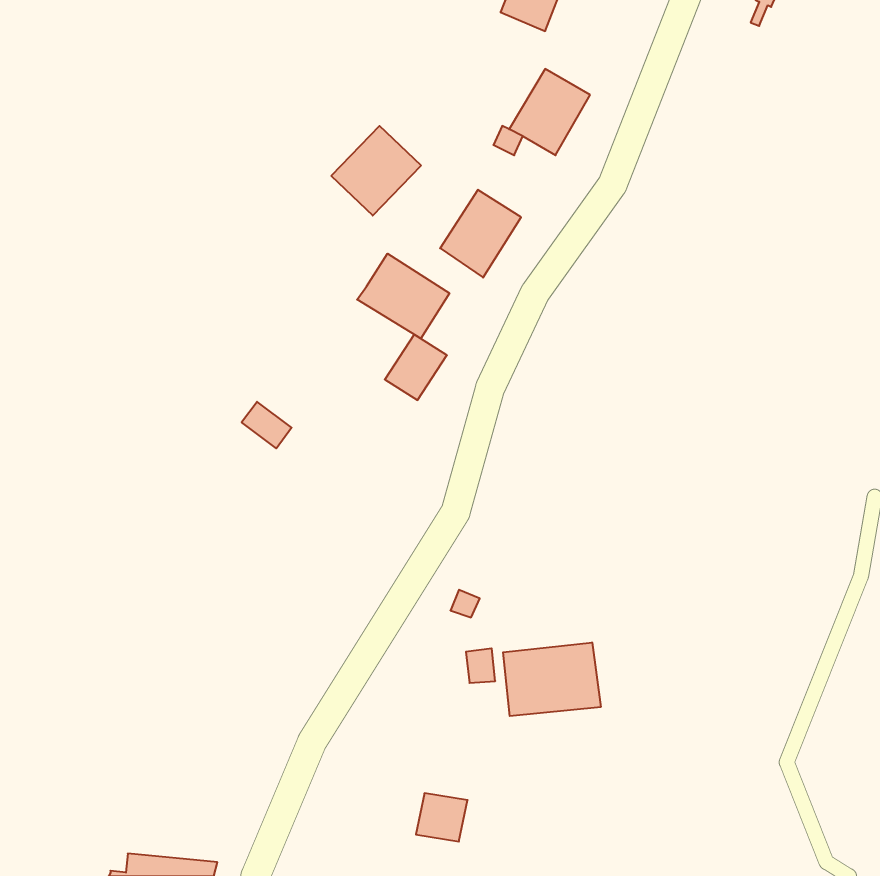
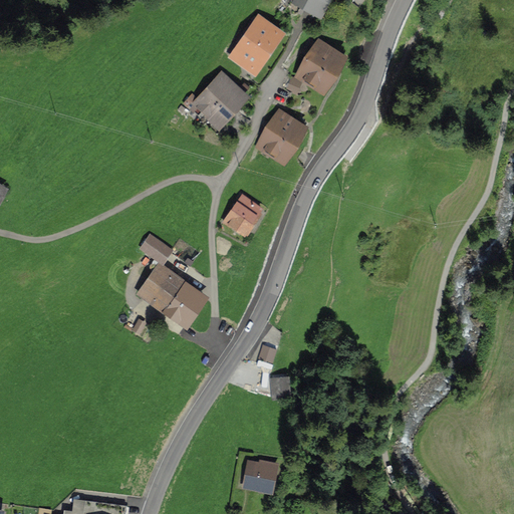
building: none -> [227,15,281,73]
building: [357,254,449,338] -> none
building: none -> [139,263,206,326]
building: [503,642,601,716] -> none

